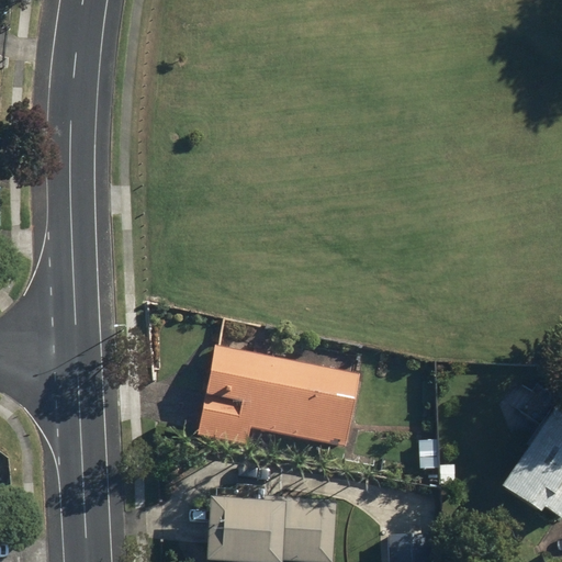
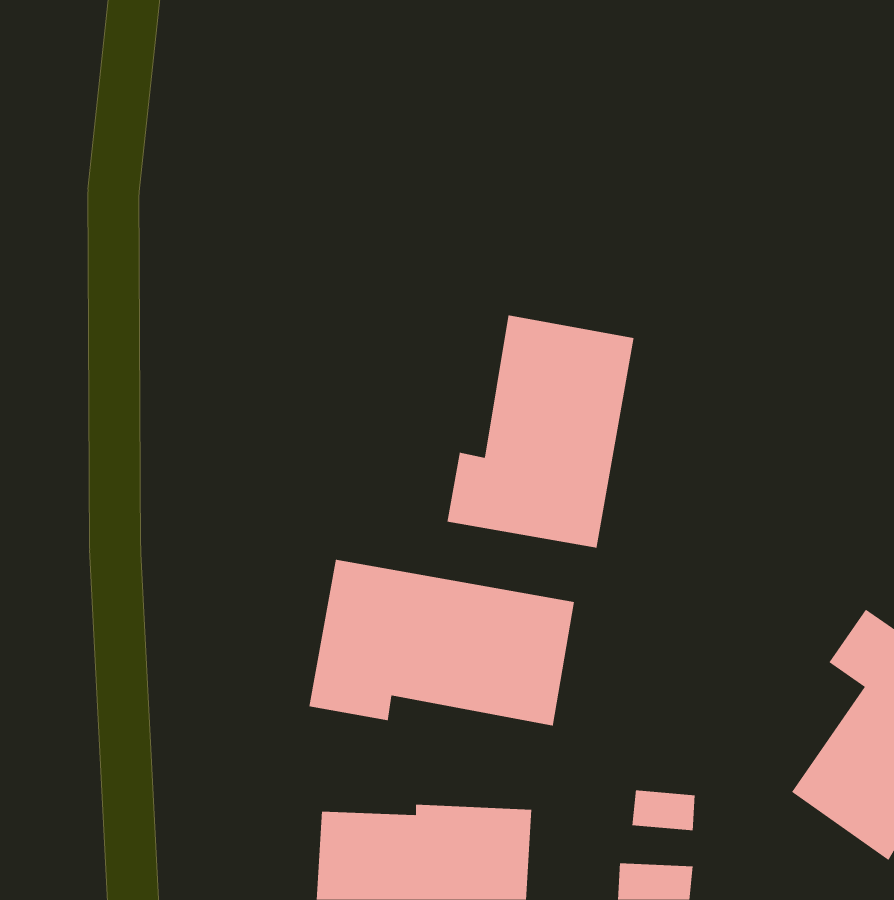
building: none -> [447,314,634,548]

